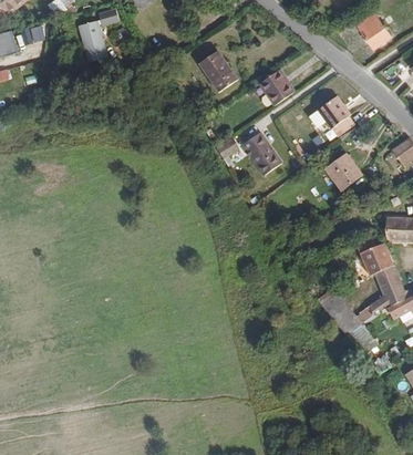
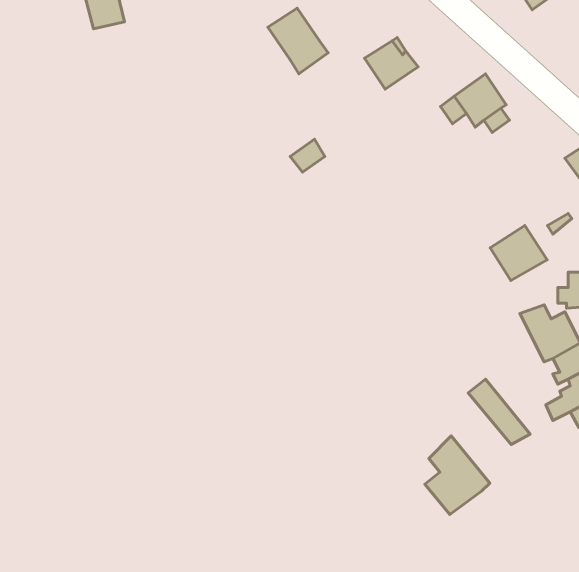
building: [238,130,277,173] -> none
building: [327,154,363,189] -> [490,225,547,281]
building: none -> [425,436,490,515]

